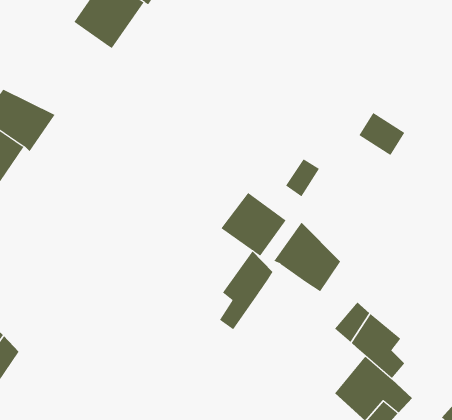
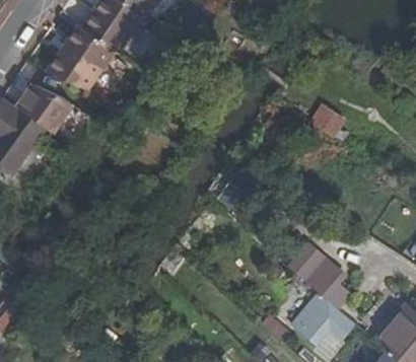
building: none -> [46,23,114,88]
building: [274,222,341,292] -> none
building: [219,251,273,330] -> none

